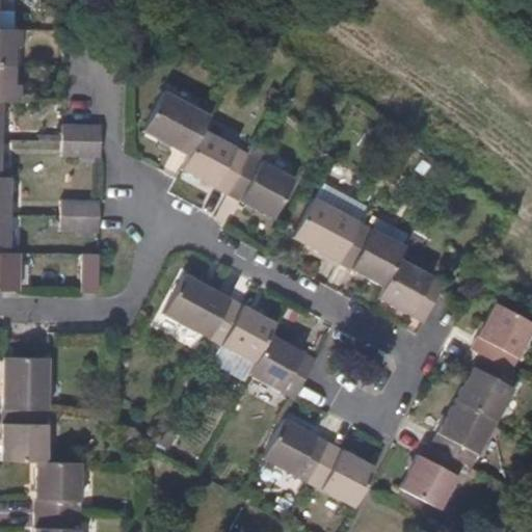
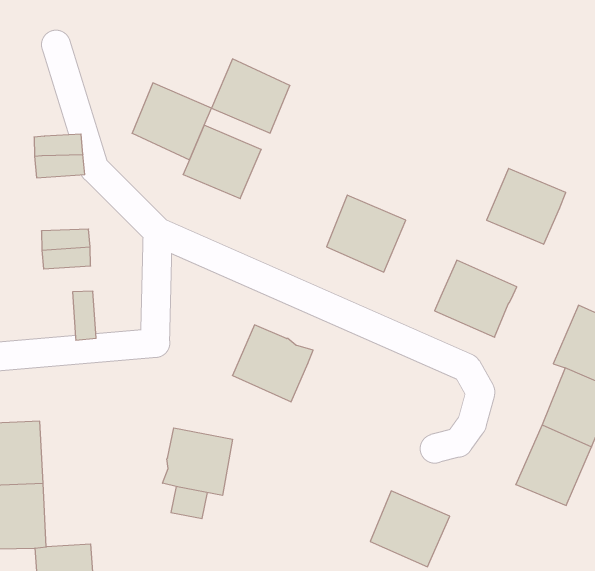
building: [228,154,293,217] -> [211,59,290,133]
building: [339,222,405,287] -> [487,168,566,244]
building: [164,272,230,336] -> none
building: [248,331,317,397] -> none
building: none -> [163,428,232,495]
building: [263,417,328,481] -> none
building: [399,442,461,507] -> none

